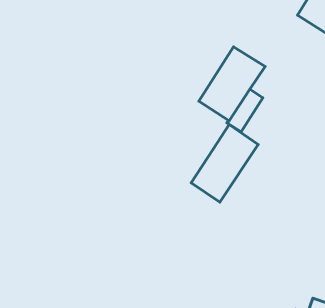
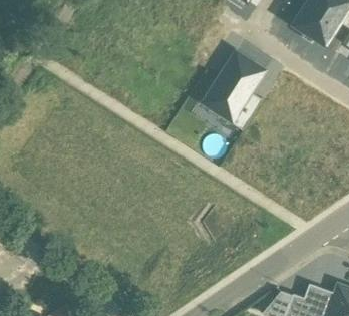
building: [191,124,258,202] -> none

